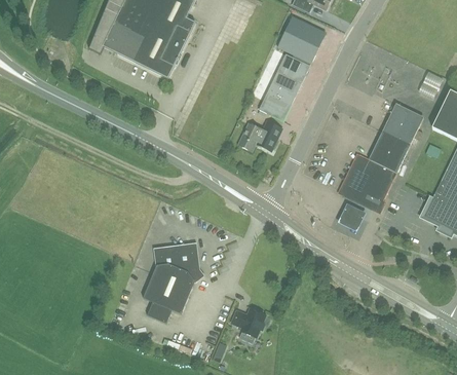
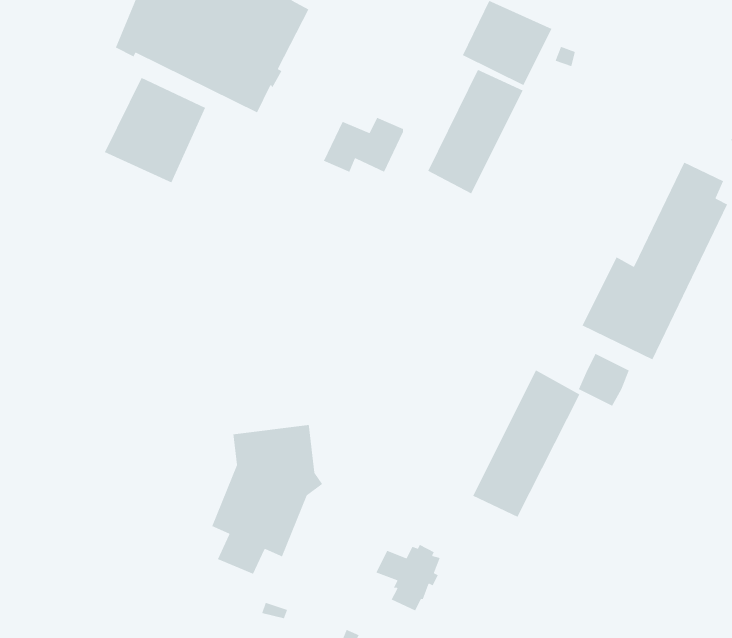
building: none -> [104,77,206,183]
building: [238,119,281,149] -> [323,117,404,173]
building: none -> [472,369,581,518]

